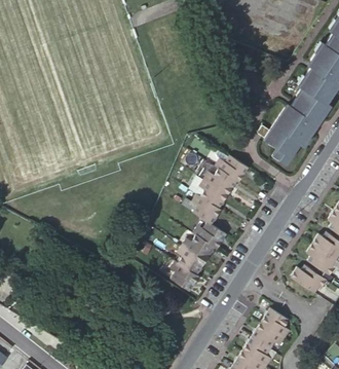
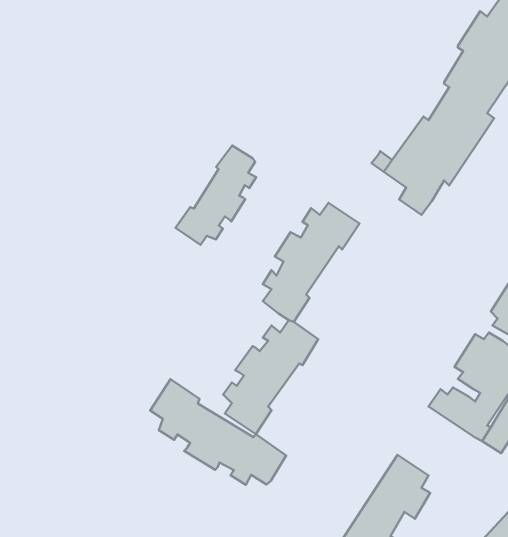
building: none -> [176,146,256,245]
building: none -> [150,379,286,485]

